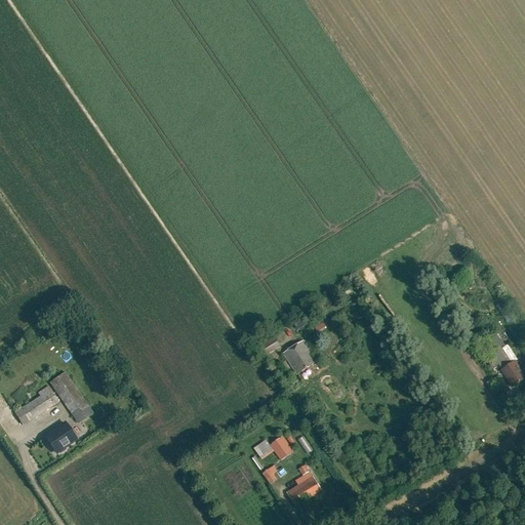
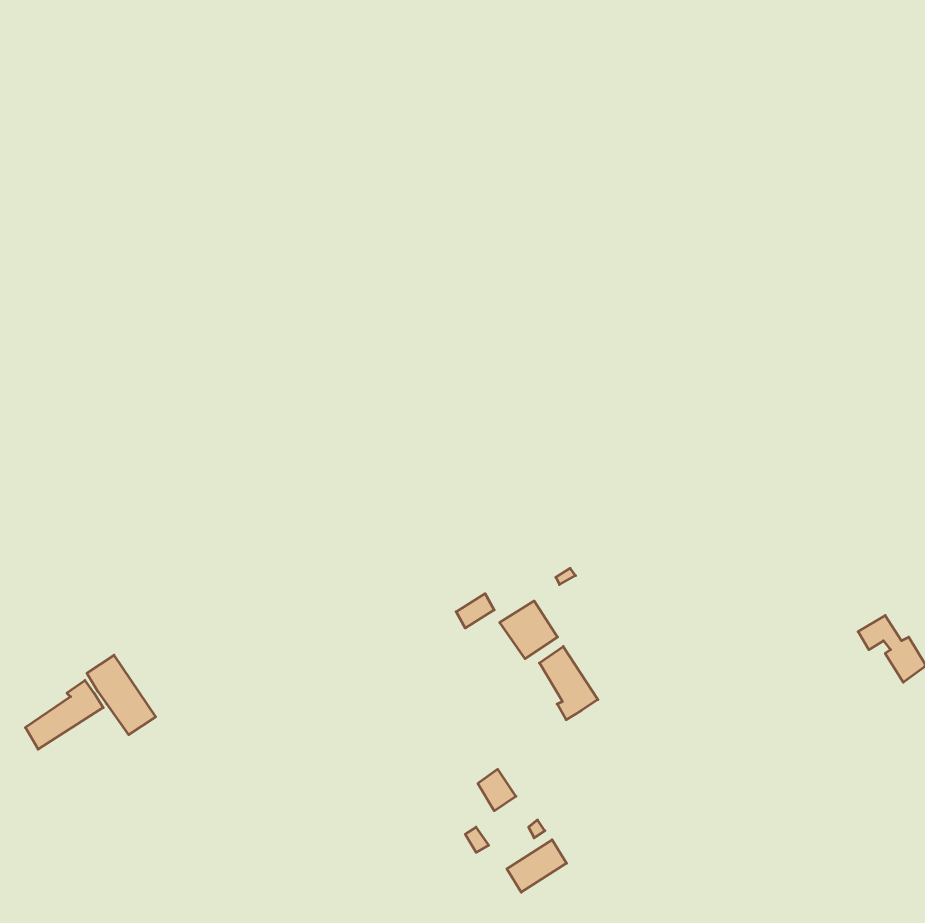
building: none -> [539,646,598,720]
building: [45,423,76,452] -> none

